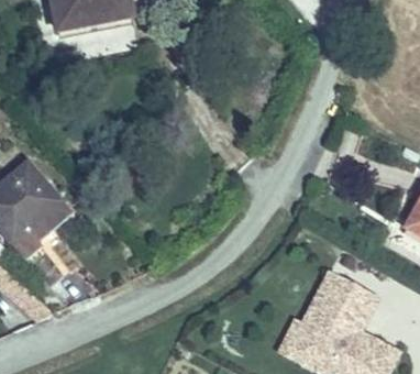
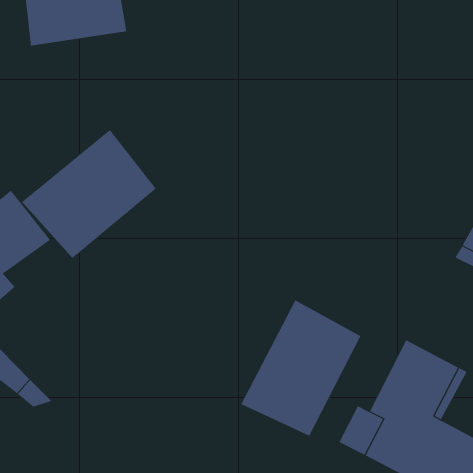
building: none -> [21,129,156,259]
building: none -> [240,299,361,436]

